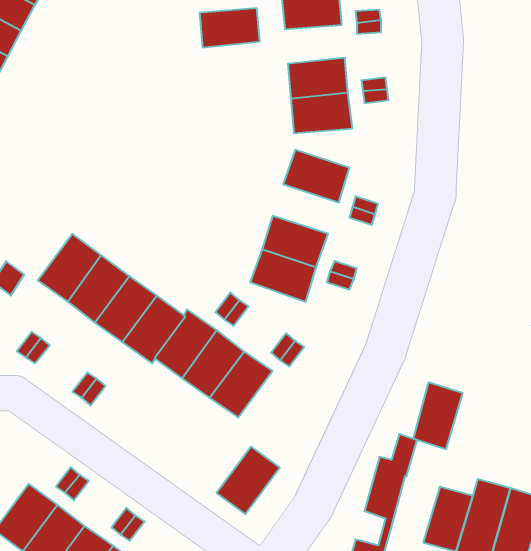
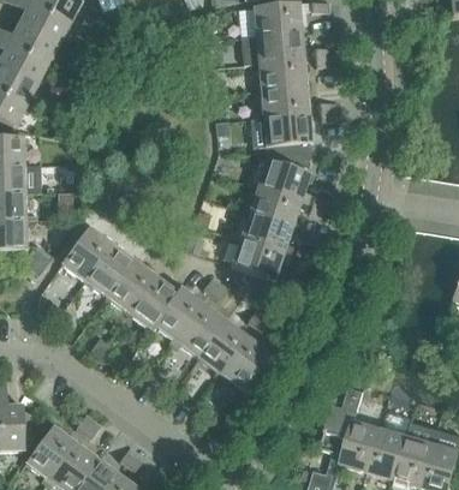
building: [200,8,260,47] -> [257,58,305,89]
building: none -> [248,185,300,225]
building: [413,383,463,449] -> [341,418,381,471]
building: [217,447,280,514] -> [220,334,270,388]

